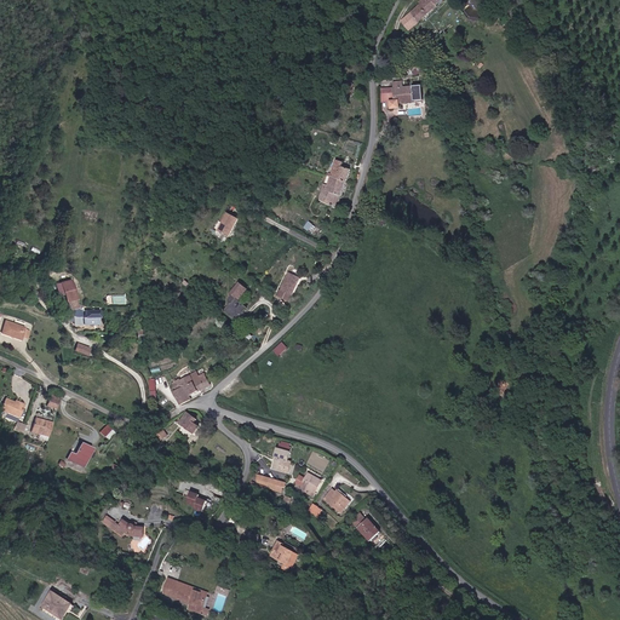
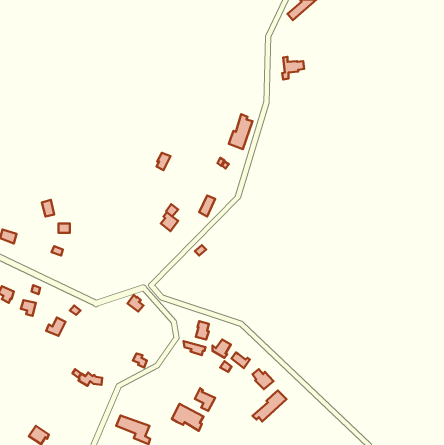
building: [170,371,209,403] -> none
building: none -> [253,391,286,421]
building: none -> [172,404,203,431]

